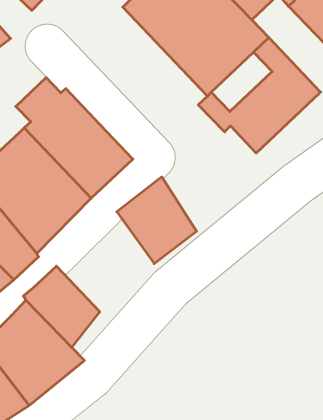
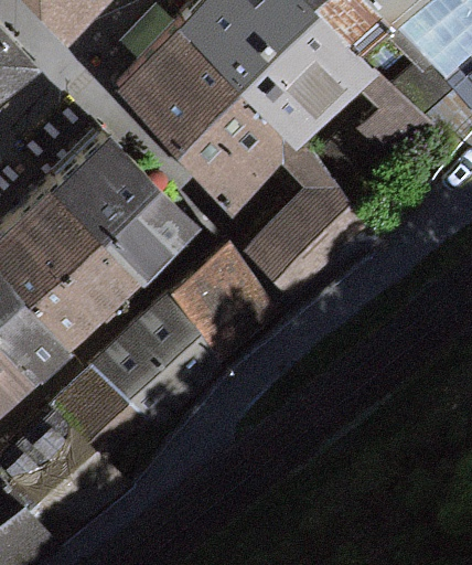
building: none -> [114,26,286,201]
building: none -> [245,181,360,295]
building: none -> [89,292,222,433]

